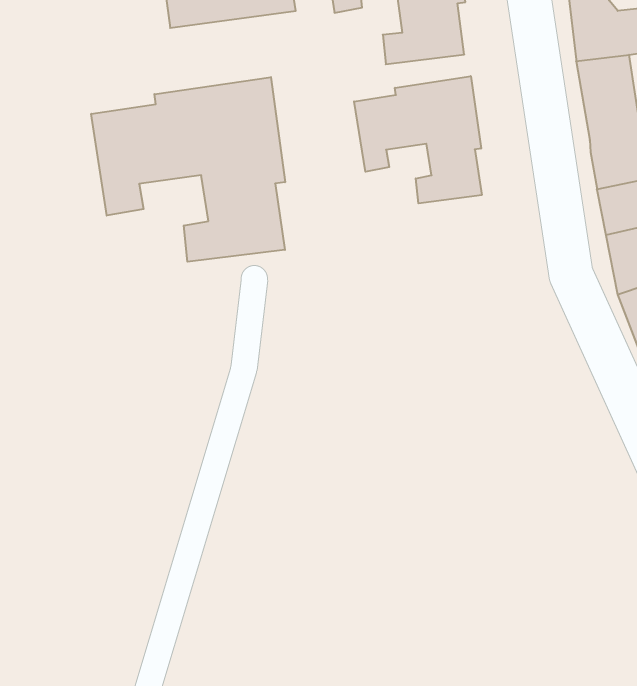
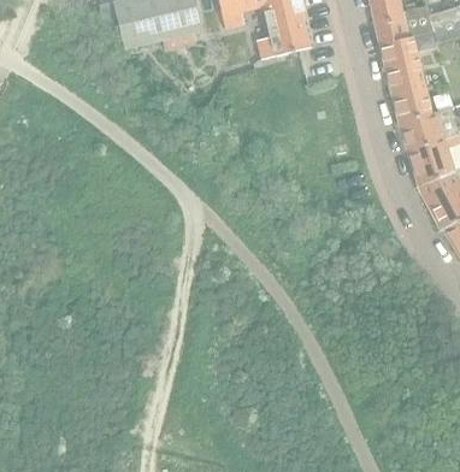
building: [354,76,482,203] -> none
building: [91,77,285,262] -> none

